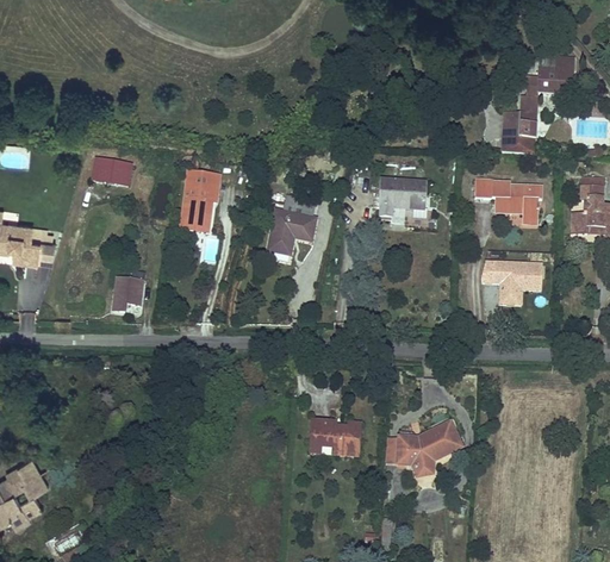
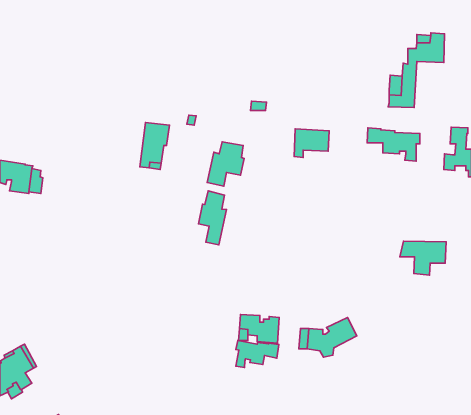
building: [92,157,131,185] -> none
building: none -> [198,191,226,245]
building: [483,261,542,305] -> [400,241,446,275]
building: [113,270,145,311] -> none
building: none -> [236,340,279,367]

